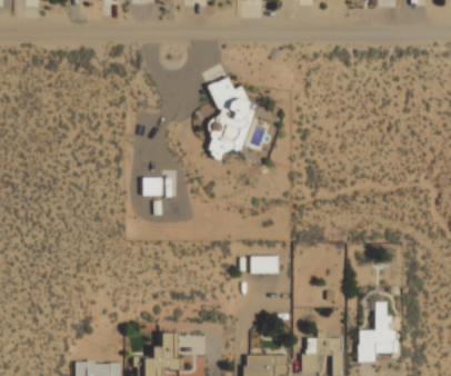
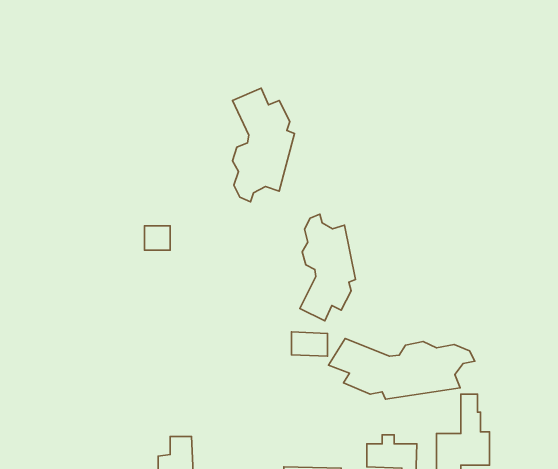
building: none -> [300,214,356,321]
building: none -> [329,338,475,399]

